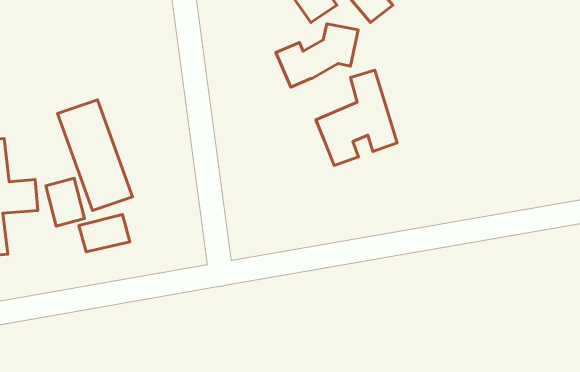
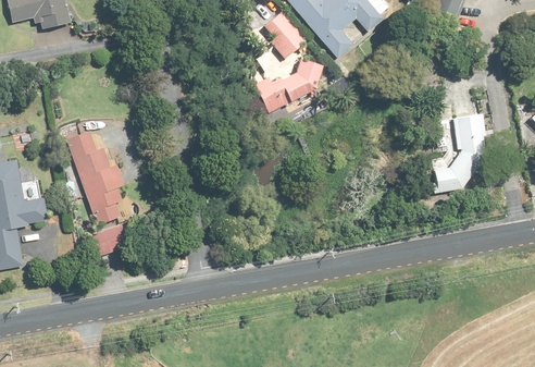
building: [316,70,397,166] -> none
building: none -> [434,117,492,192]
building: [46,178,84,226] -> none

